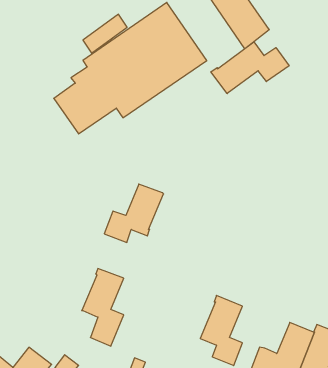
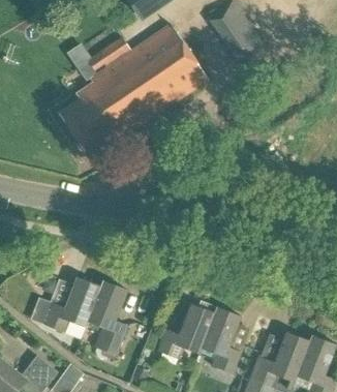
building: [211,42,289,94] -> none
building: [104,184,164,242] -> [43,277,100,333]
building: none -> [157,303,214,359]

